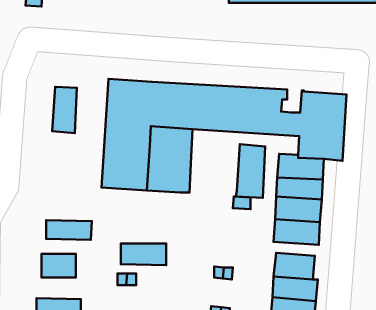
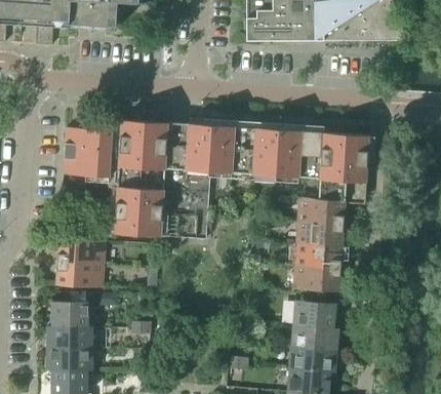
building: none -> [86,129,112,178]
building: [236,144,265,198] -> none
building: [121,243,166,265] -> [56,245,104,268]
building: none -> [46,326,92,349]

